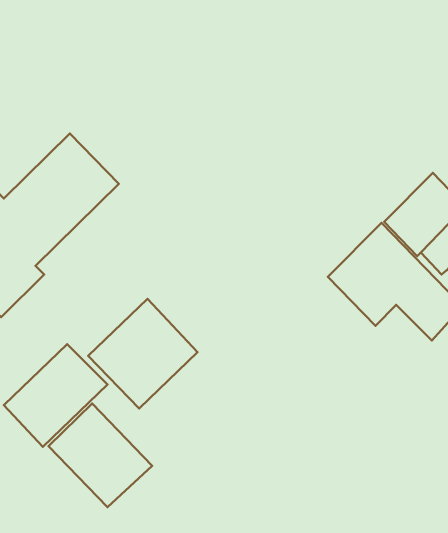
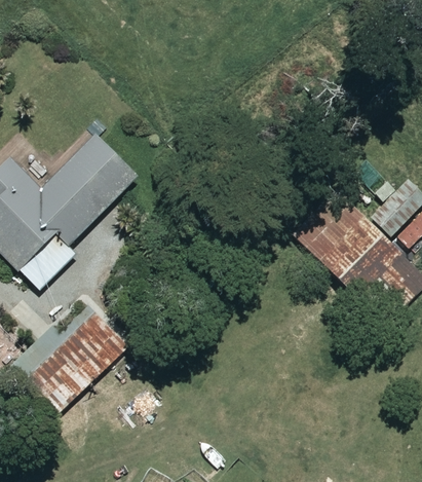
building: [88,299,197,408] -> none
building: [49,403,152,507] -> none

